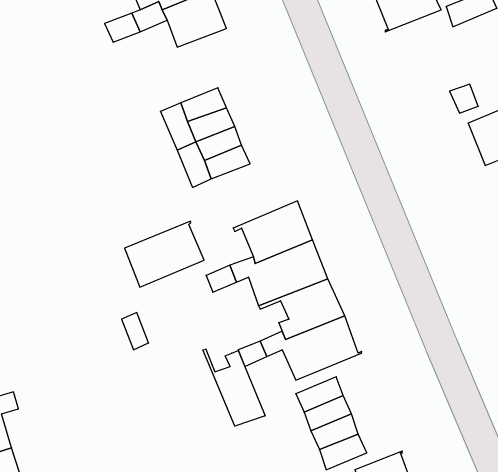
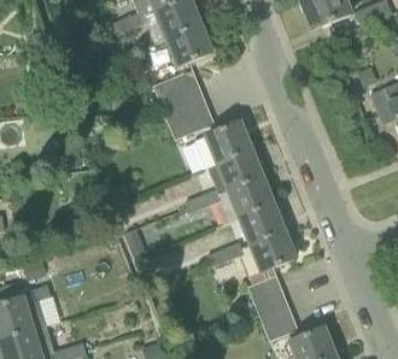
building: none -> [164,25,212,66]
building: [125,221,204,287] -> [193,120,250,167]
building: [203,349,265,426] -> none

